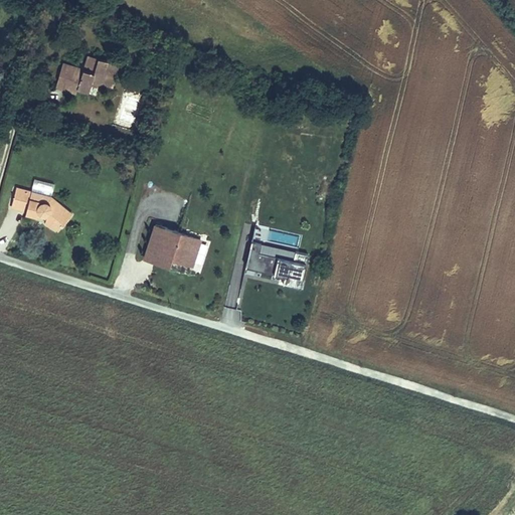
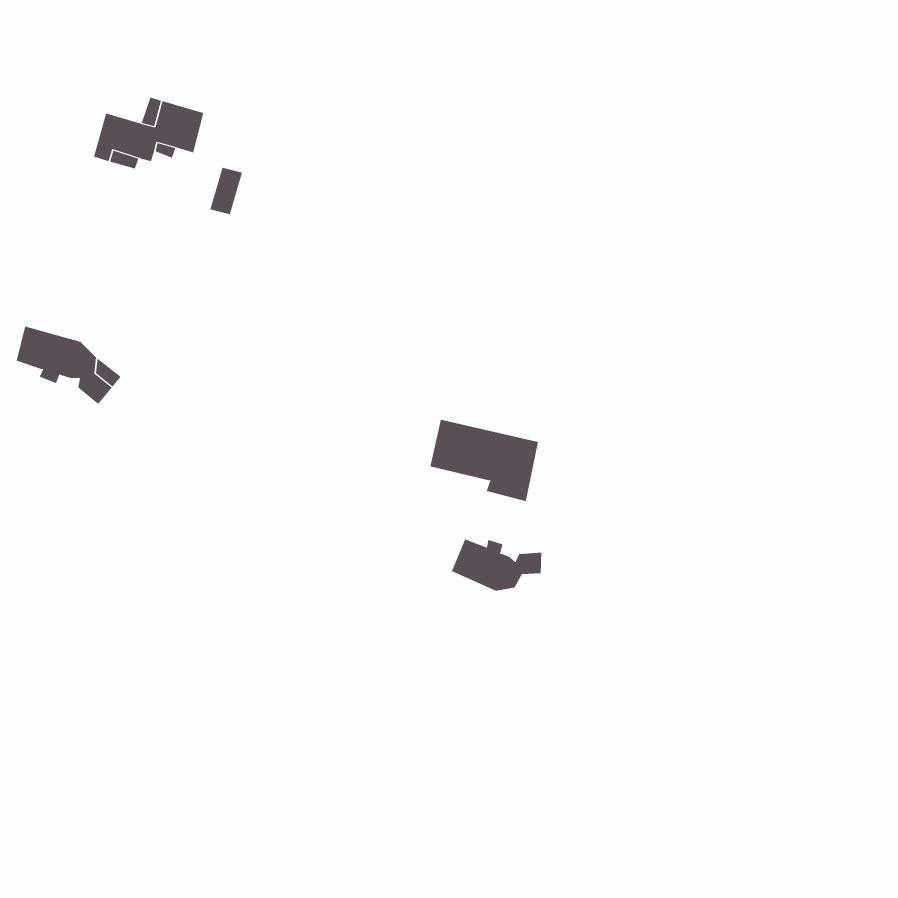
building: [143,222,209,268] -> none
building: none -> [451,539,542,592]

